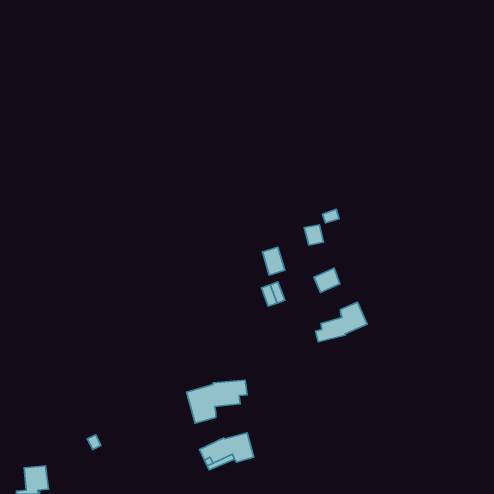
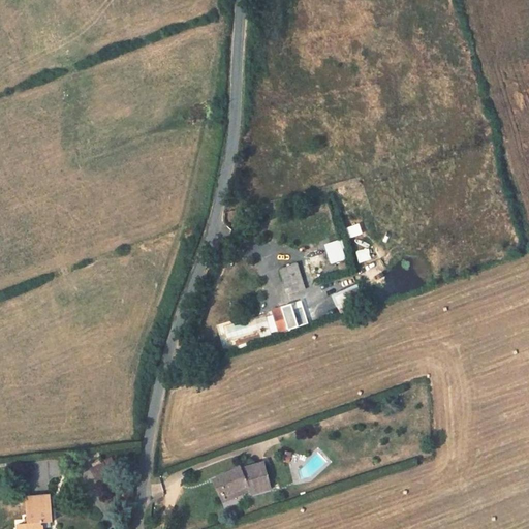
building: [315,302,367,342] -> none
building: [186,380,247,423] -> none

